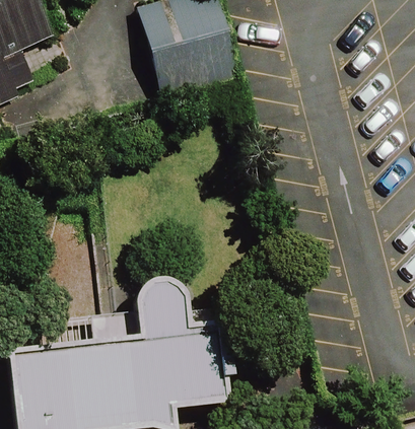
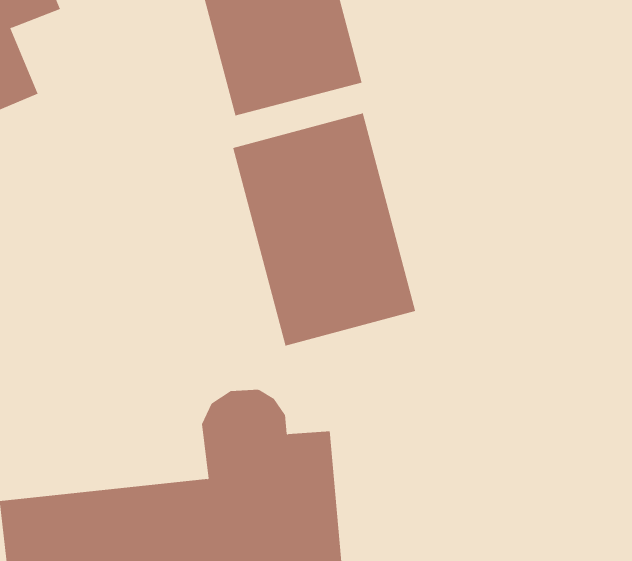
building: none -> [232,113,416,346]

